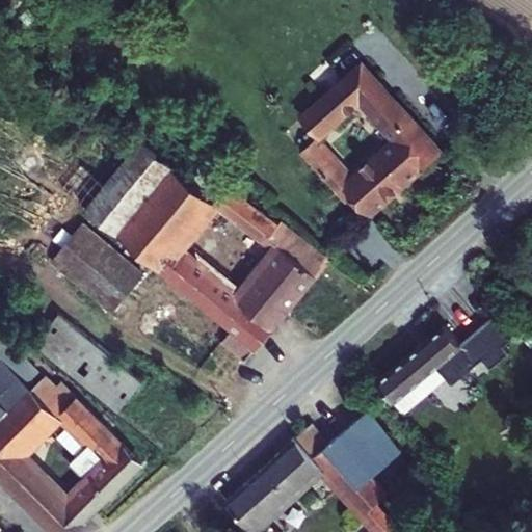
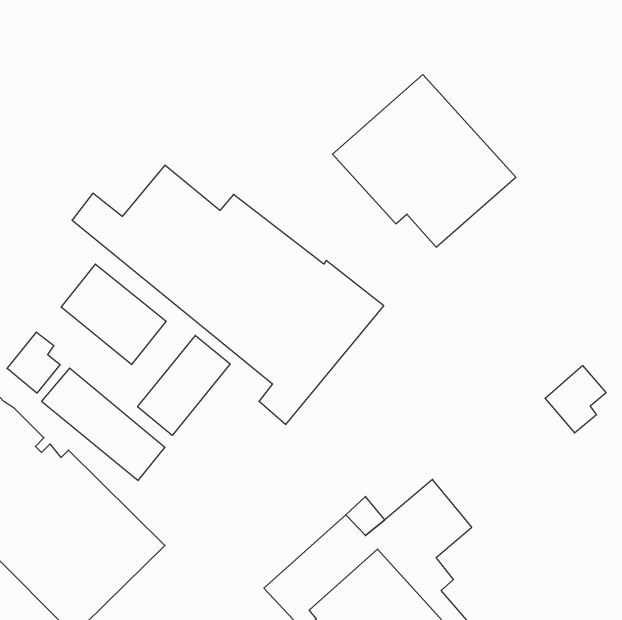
building: none -> [7,332,60,393]
building: none -> [138,335,230,435]
building: [375,328,473,405] -> none

